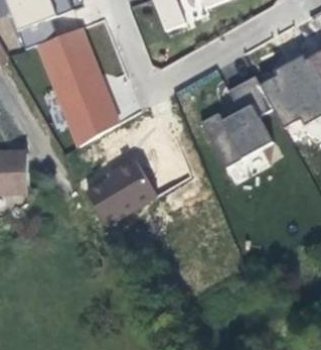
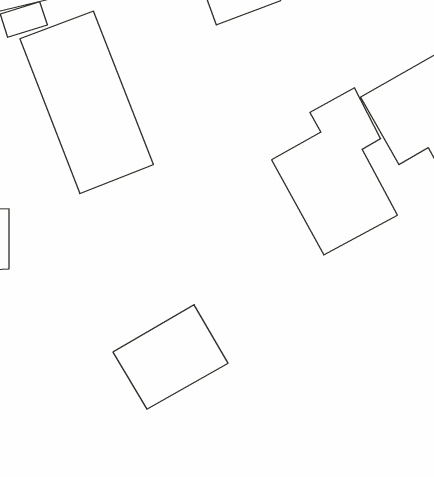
building: [83,157,158,226] -> [113,305,228,409]

